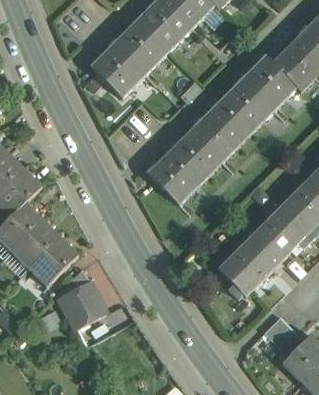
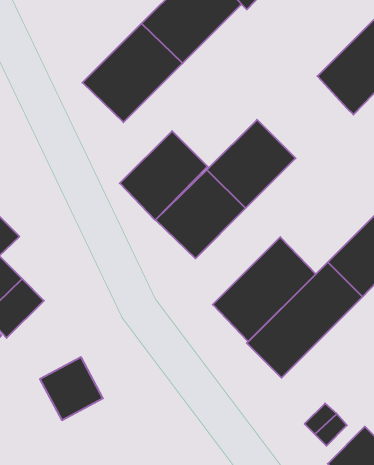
building: [226,54,296,125] -> none
building: none -> [120,131,208,220]
building: none -> [213,237,316,342]
building: [31,236,79,283] -> none

